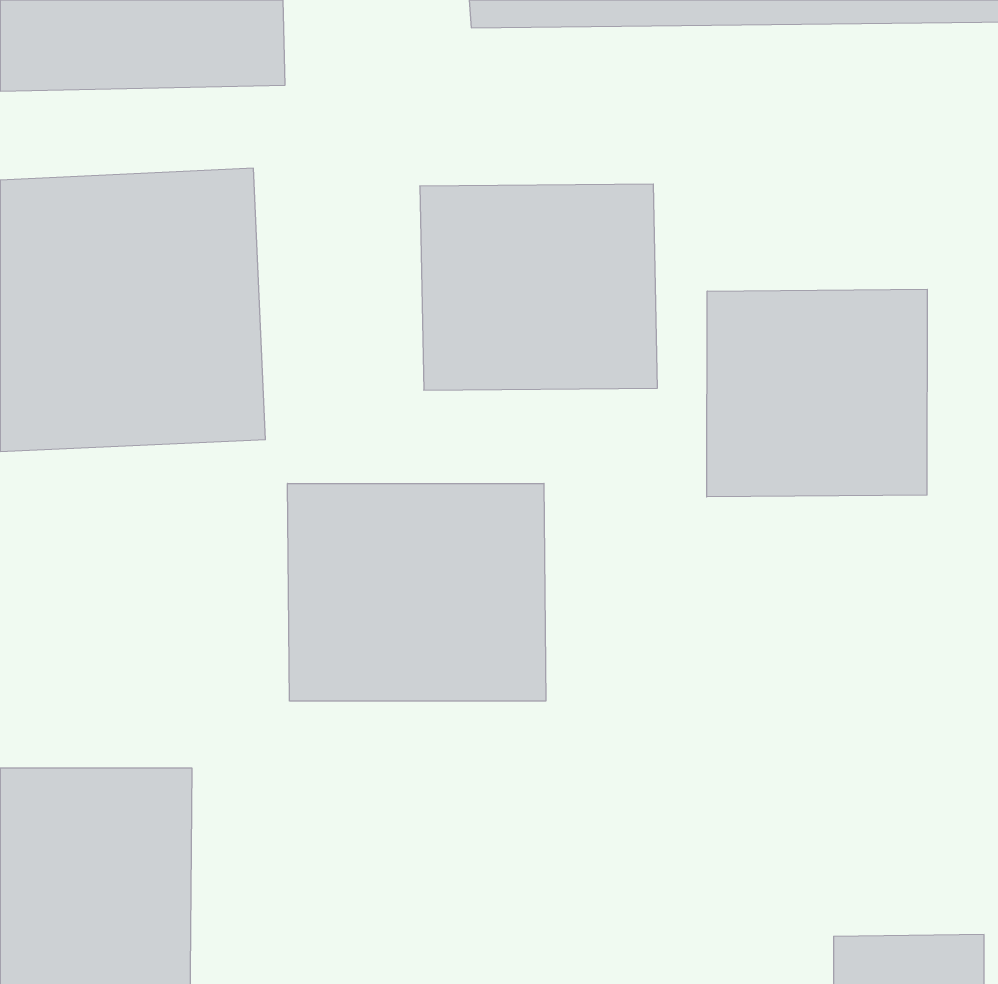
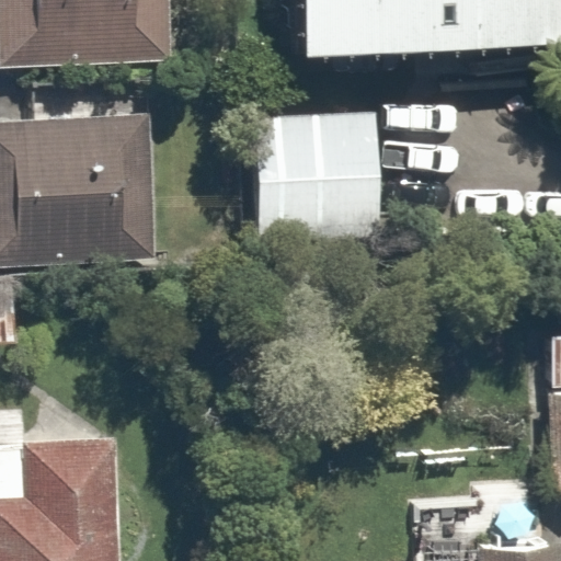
building: [707,289,927,497] -> none
building: [288,483,546,701] -> none

